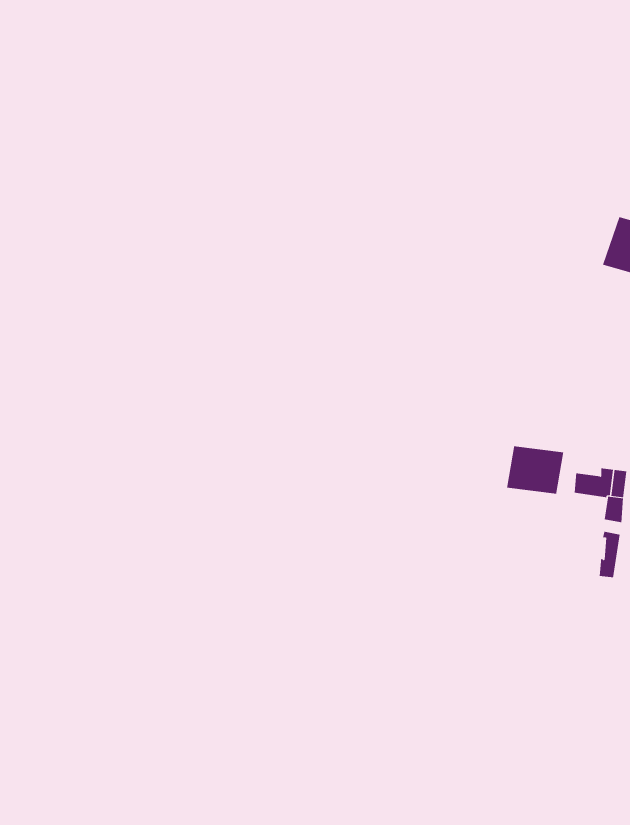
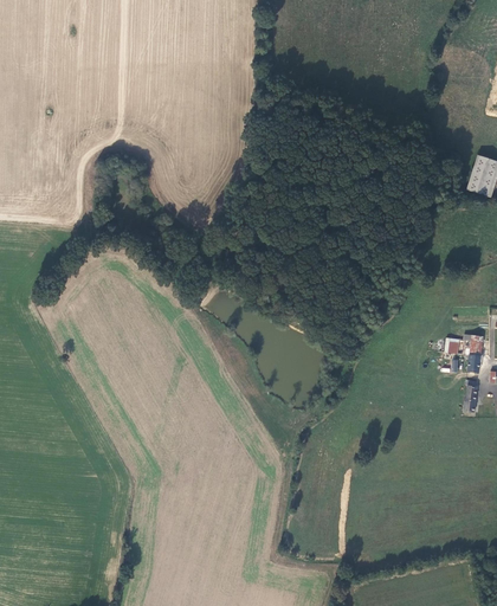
building: [506,445,564,495] -> none

